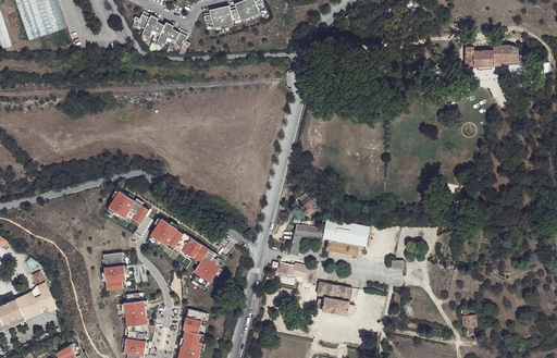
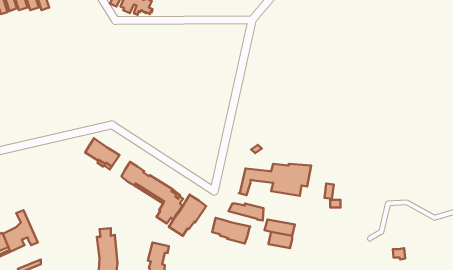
building: [465,46,519,67] -> none
building: [103,252,125,289] -> none
building: none -> [169,194,206,236]
building: none -> [212,218,250,244]

